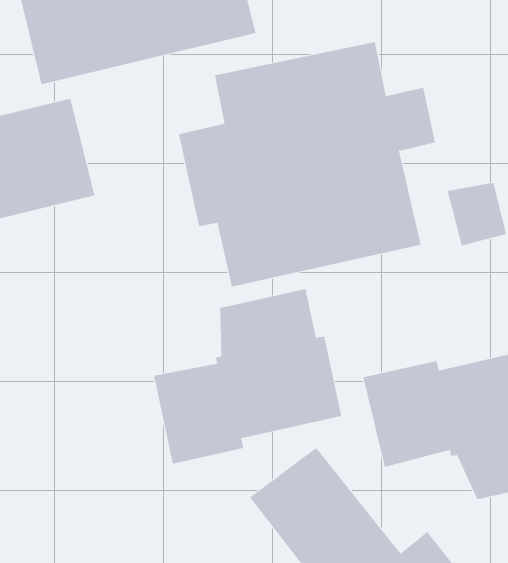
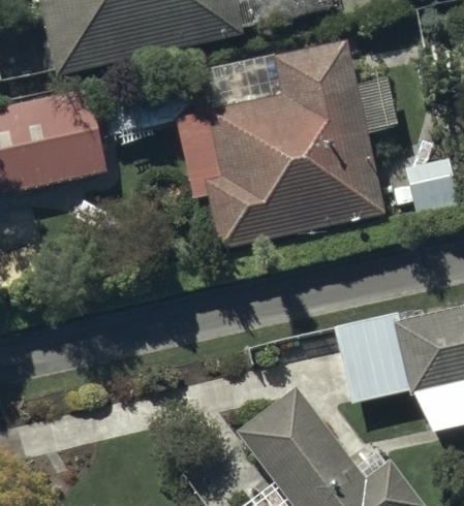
building: [154,288,342,464] -> none

